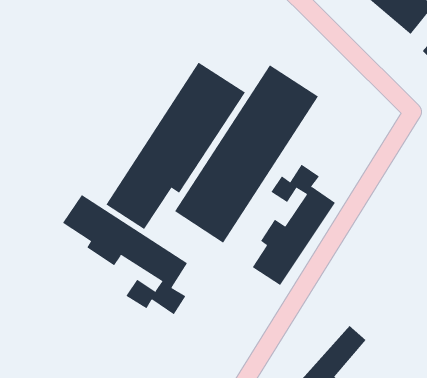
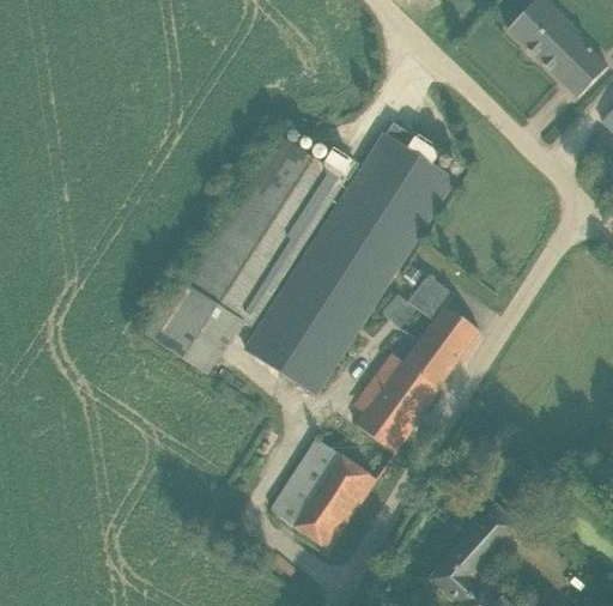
building: [62,194,188,315] -> none
building: none -> [273,442,376,546]

